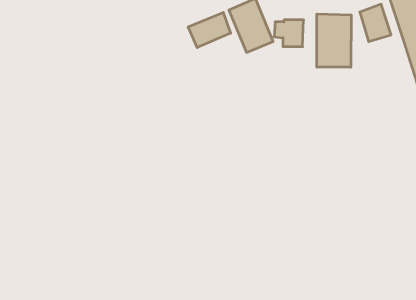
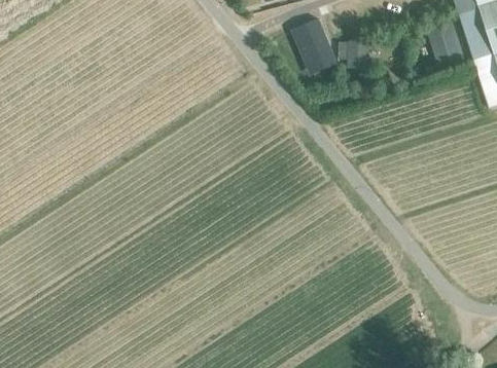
building: [188,12,231,48] -> none
building: [317,14,351,67] -> none

